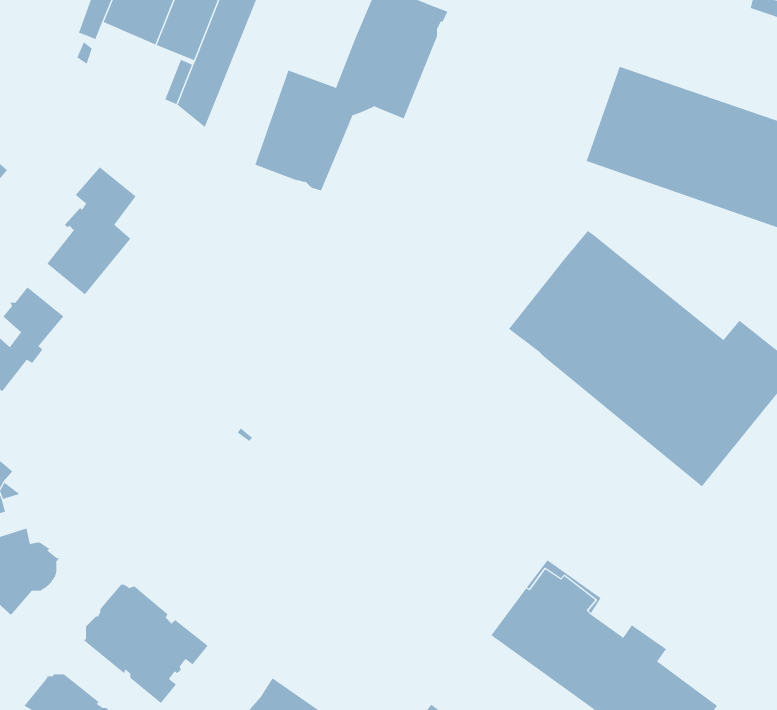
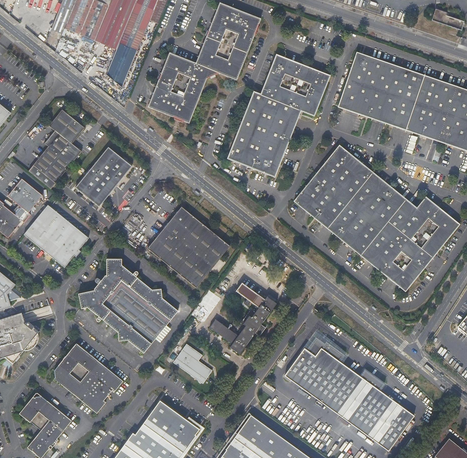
building: none -> [227,55,328,177]
building: none -> [75,145,131,206]
building: none -> [22,204,87,266]
building: none -> [147,210,230,288]
building: none -> [77,259,178,354]
building: none -> [210,282,276,353]
building: none -> [173,343,212,383]

